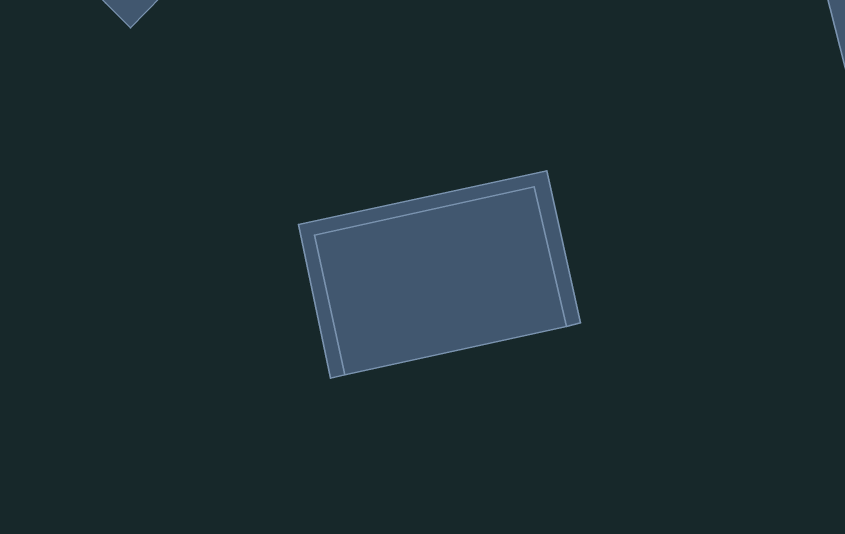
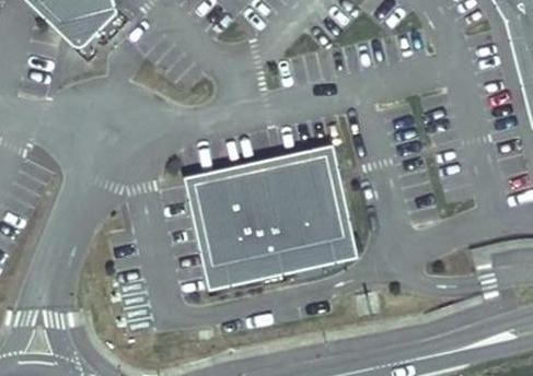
building: none -> [205,233,362,287]

